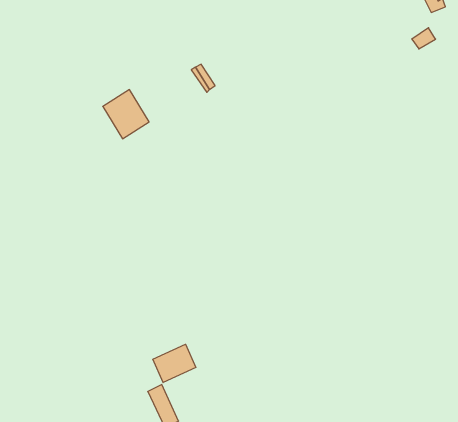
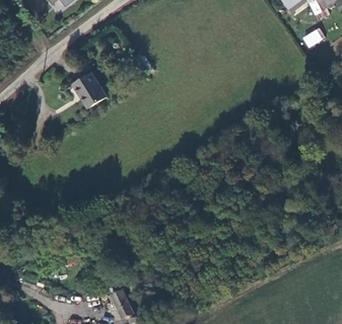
building: [153,344,196,383] -> none

